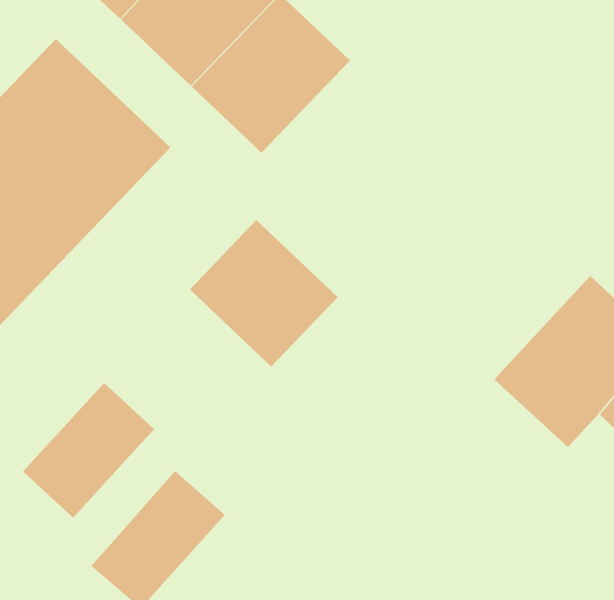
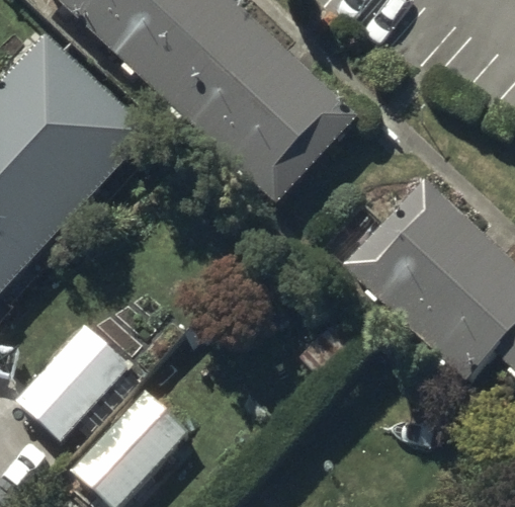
building: none -> [217,63,347,194]
building: none -> [347,184,485,323]
building: [189,219,339,367] -> none

